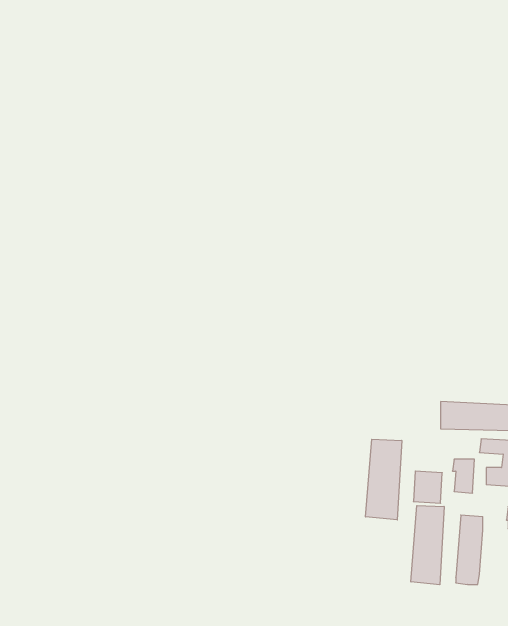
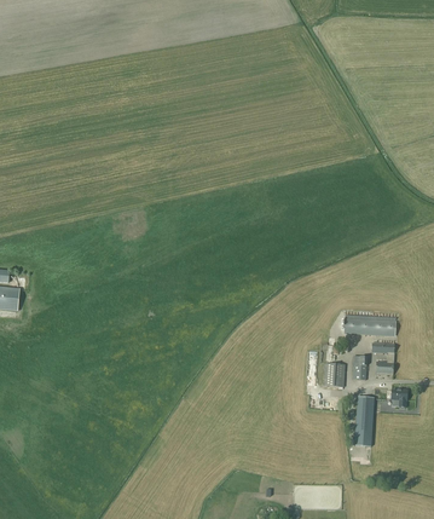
building: [366,439,402,520] -> none
building: [411,506,444,585] -> none

